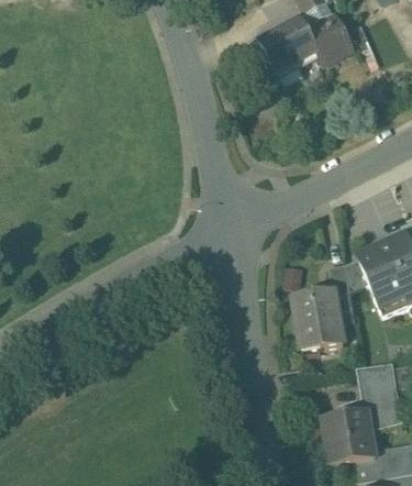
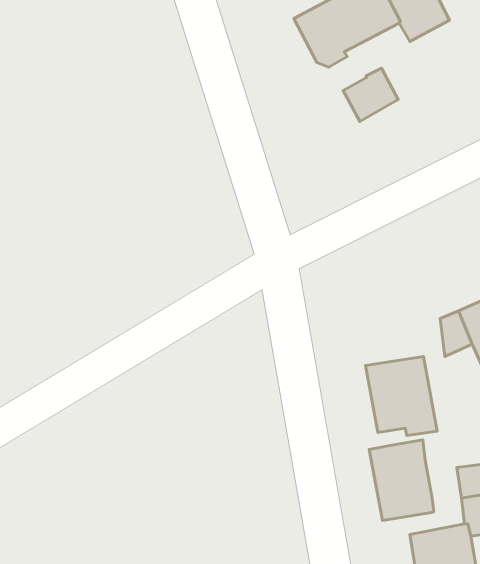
building: none -> [343,68,398,122]
building: none -> [369,440,434,520]

